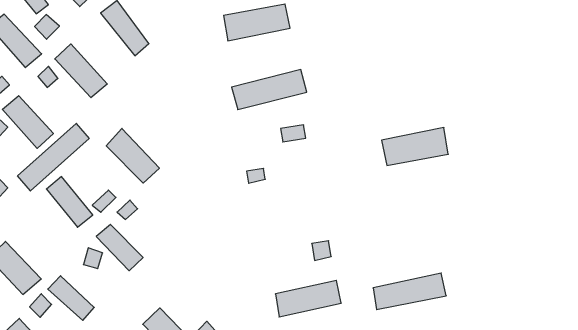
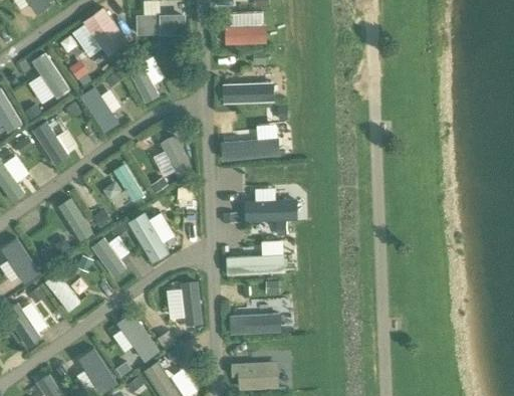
building: none -> [160,136,193,178]
building: [18,123,89,191] -> none
building: [382,128,448,165] -> [243,199,295,222]
building: none -> [127,213,170,264]
building: none -> [180,281,202,327]
building: [373,273,446,310] -> [225,255,283,276]

